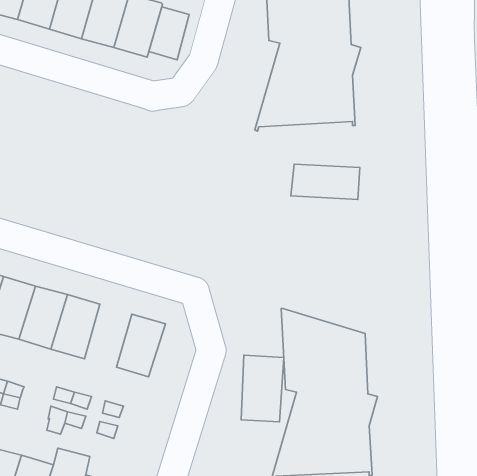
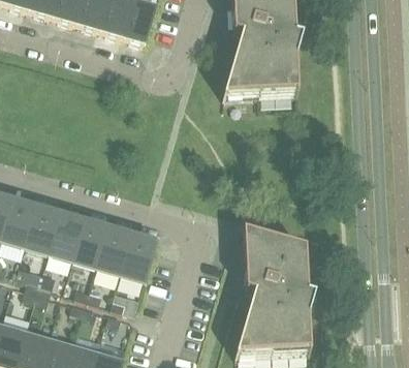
building: [149,7,189,60] -> none
building: [291,164,360,200] -> none
building: none -> [98,226,133,273]
building: [241,355,284,422] -> none

